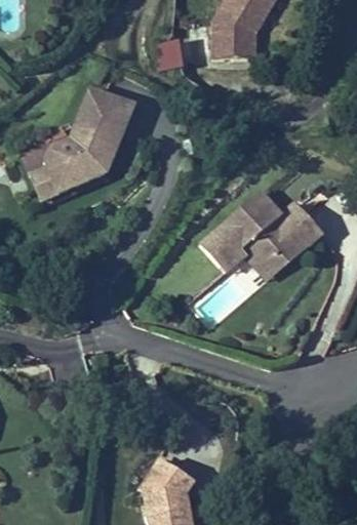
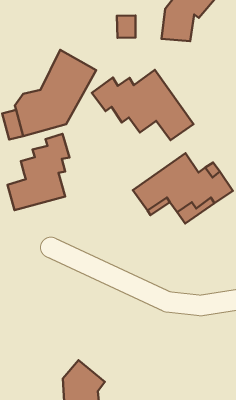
building: none -> [92,70,193,140]
building: none -> [8,134,69,210]

